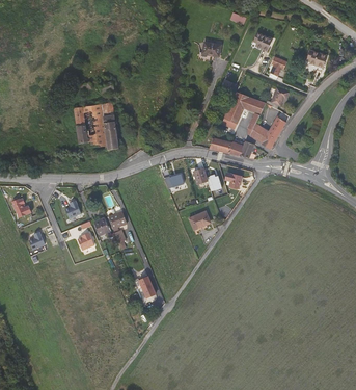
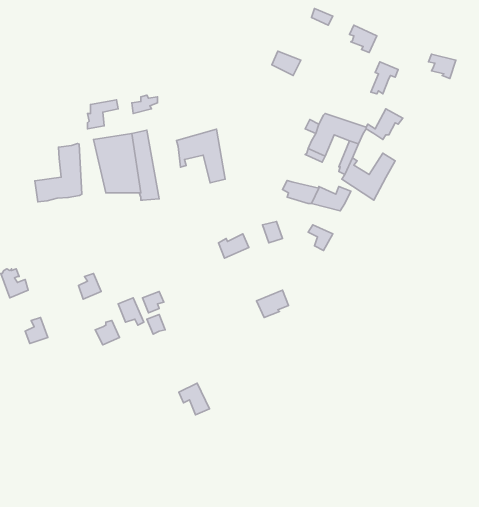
building: none -> [177,129,225,183]
building: none -> [35,144,82,202]

